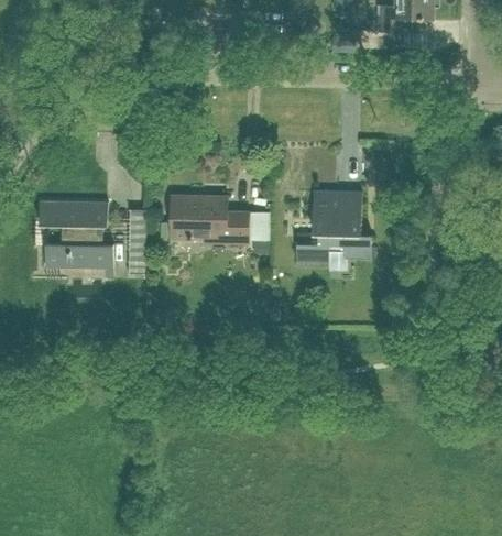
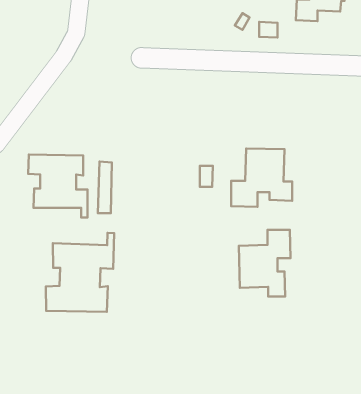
building: [170,195,249,241] -> none
building: none -> [239,230,291,296]
building: none -> [46,233,114,312]

